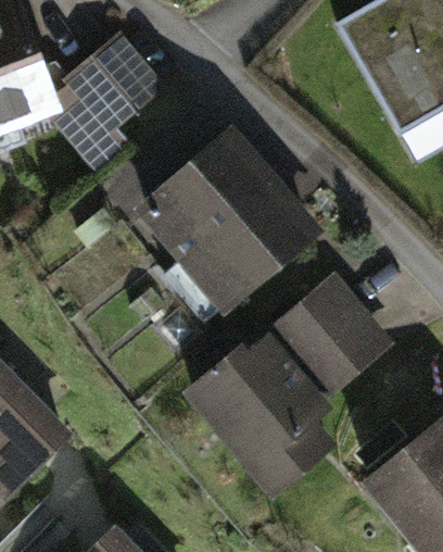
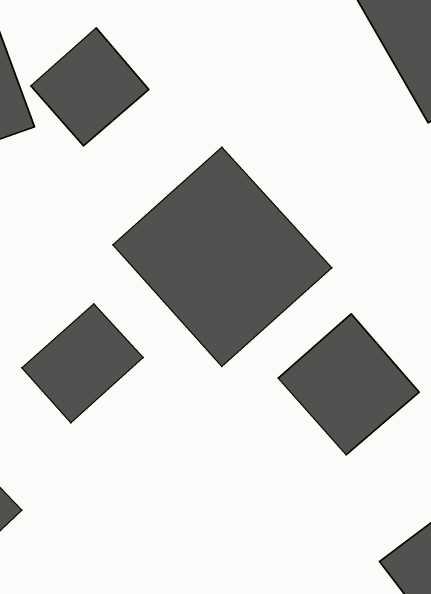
building: none -> [22,304,143,423]
building: [192,337,331,493] -> none

